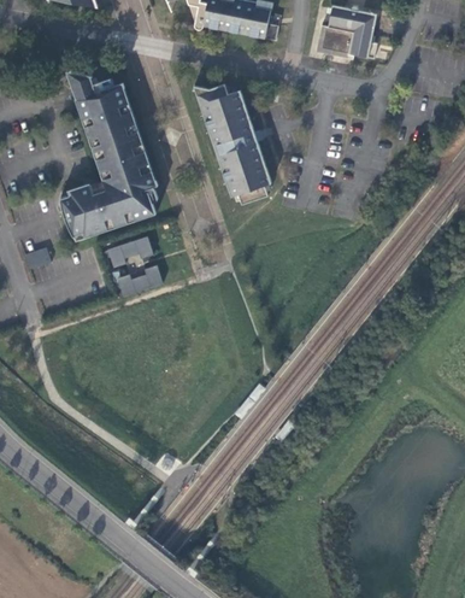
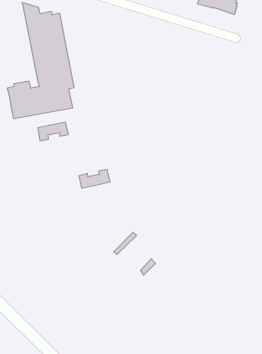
building: [195,82,270,203] -> none
building: [117,265,163,295] -> [79,170,110,188]

